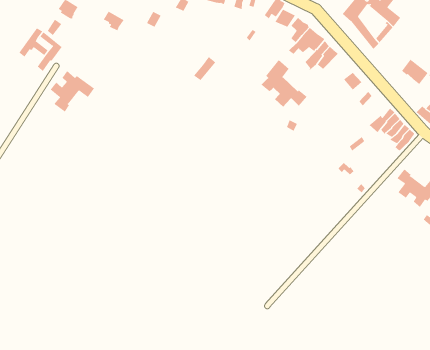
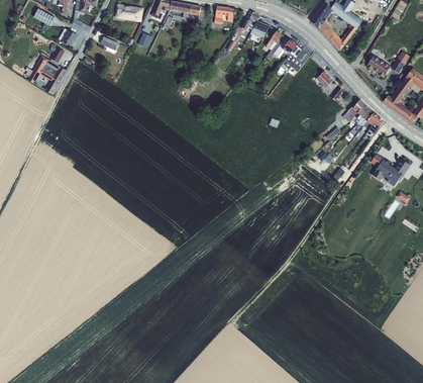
building: [261,59,307,107] -> none
building: [50,70,95,113] -> none

